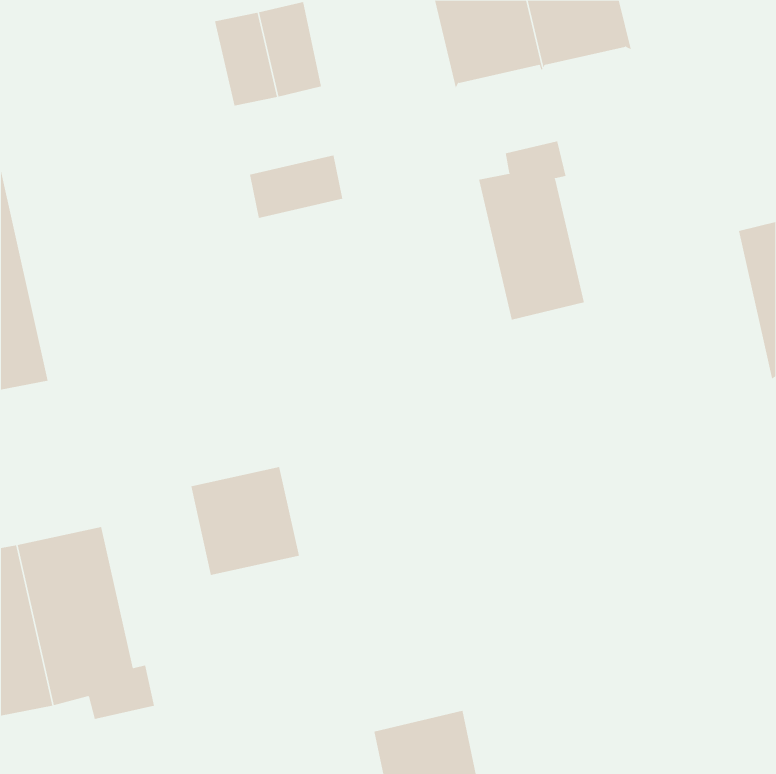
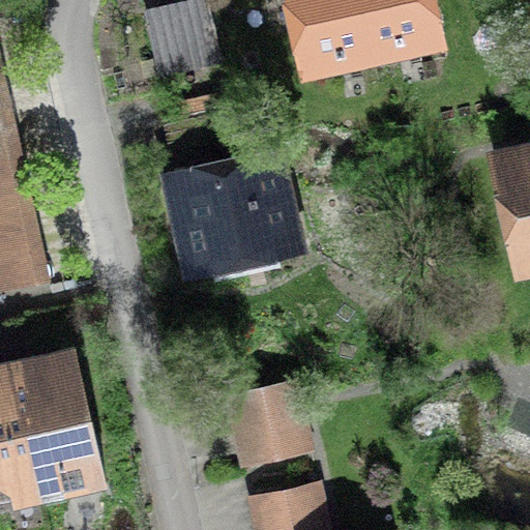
building: [478,141,584,321] -> none
building: none -> [177,159,289,260]
building: [190,466,300,576] -> [232,385,306,460]

